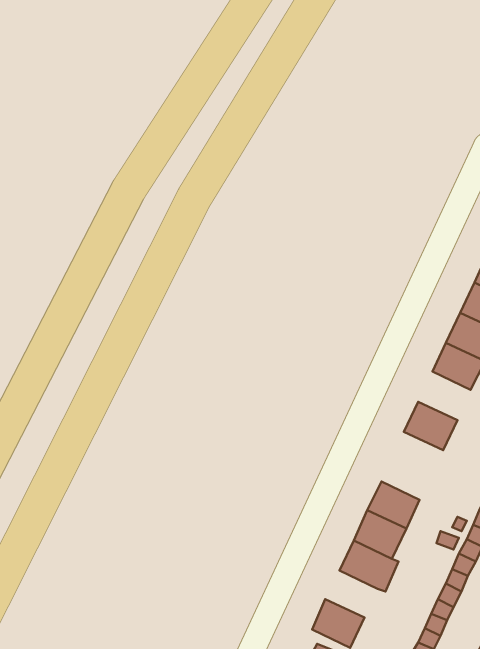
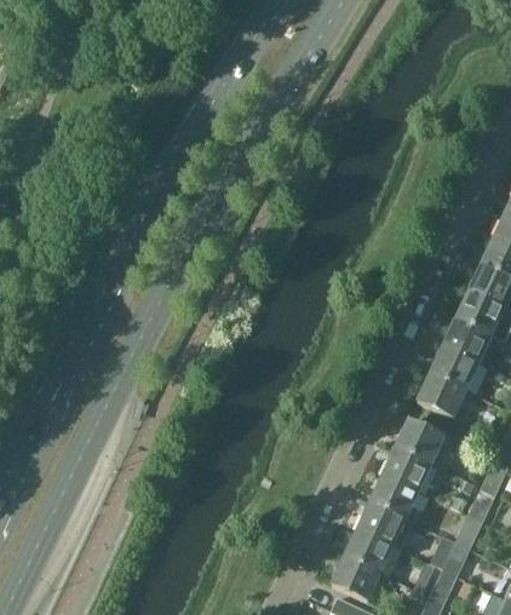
building: none -> [429,345,477,390]
building: none -> [395,419,443,464]
building: none -> [343,529,391,573]

